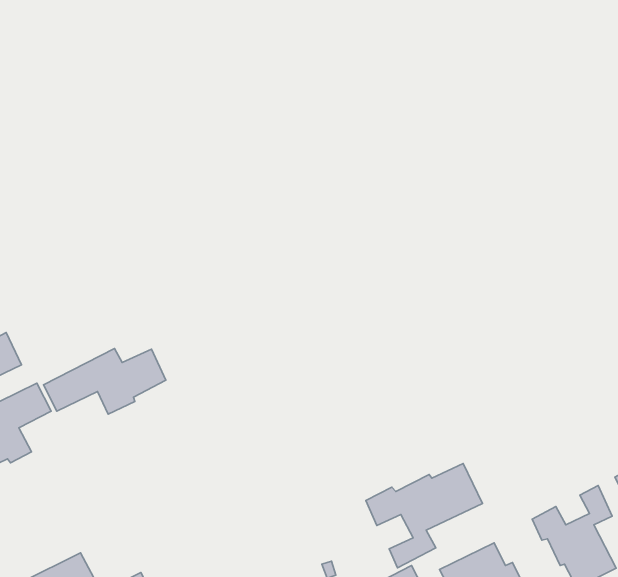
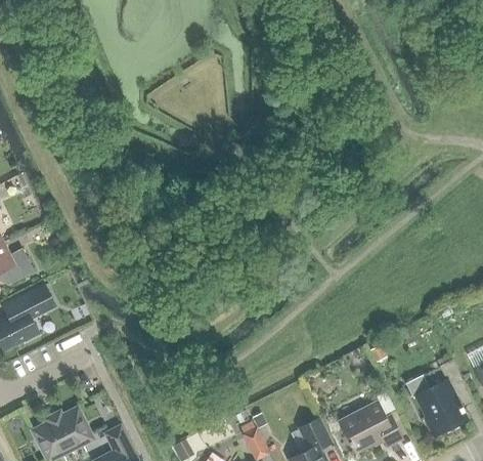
building: [44,349,166,414] -> none
building: [366,464,482,568] -> none

